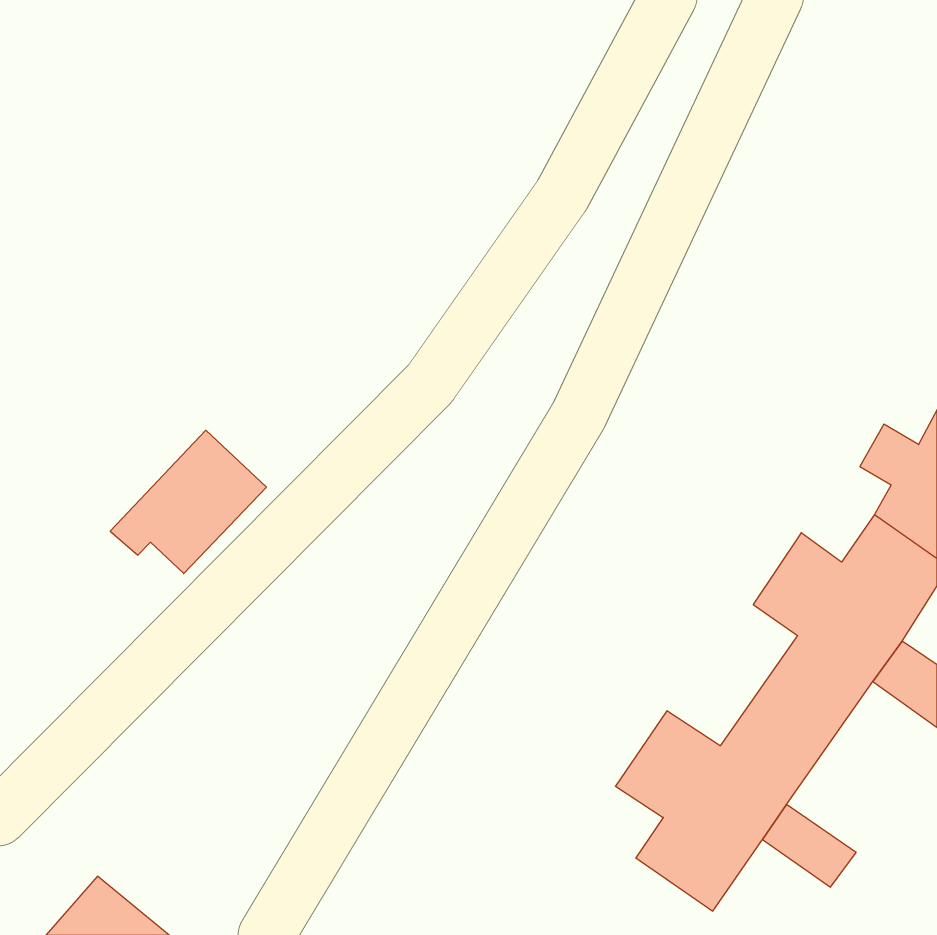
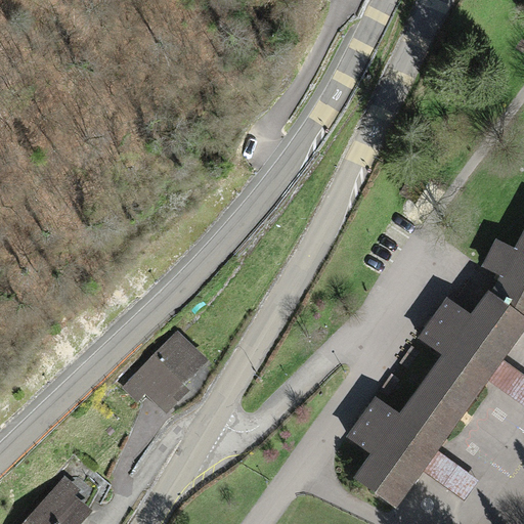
building: [110,430,266,574] -> [125,331,212,410]

